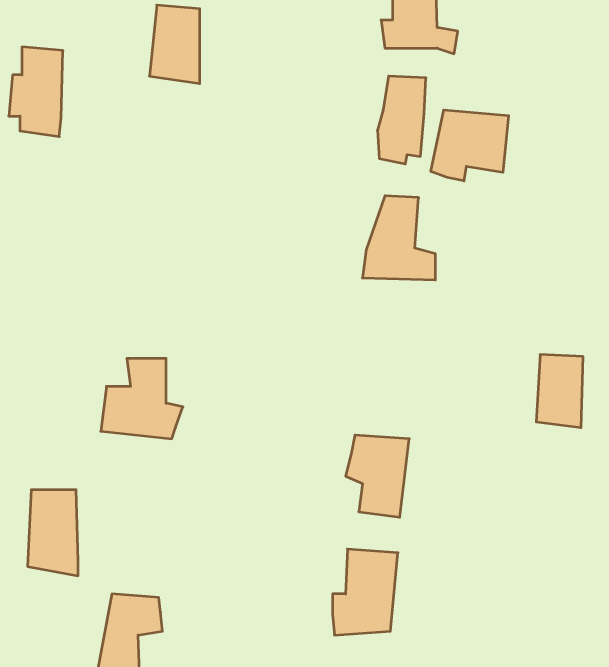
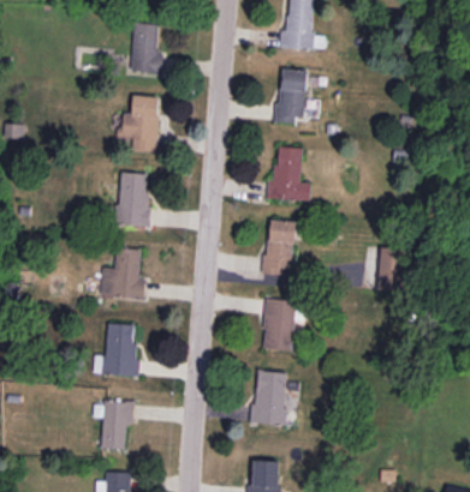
building: [9,47,63,137] -> [124,95,159,152]
building: [431,110,509,181] -> none
building: none -> [112,172,148,229]
building: none -> [256,218,304,281]
building: [28,490,78,576] -> [105,325,137,380]

